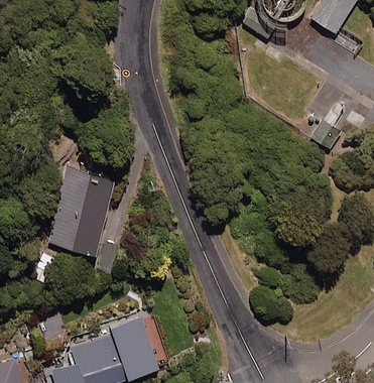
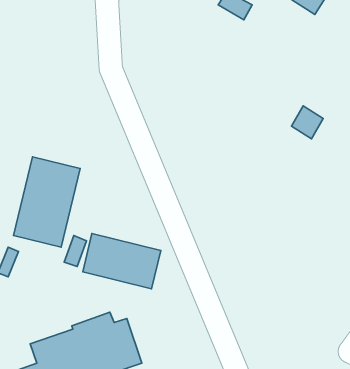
building: none -> [83,234,161,289]

